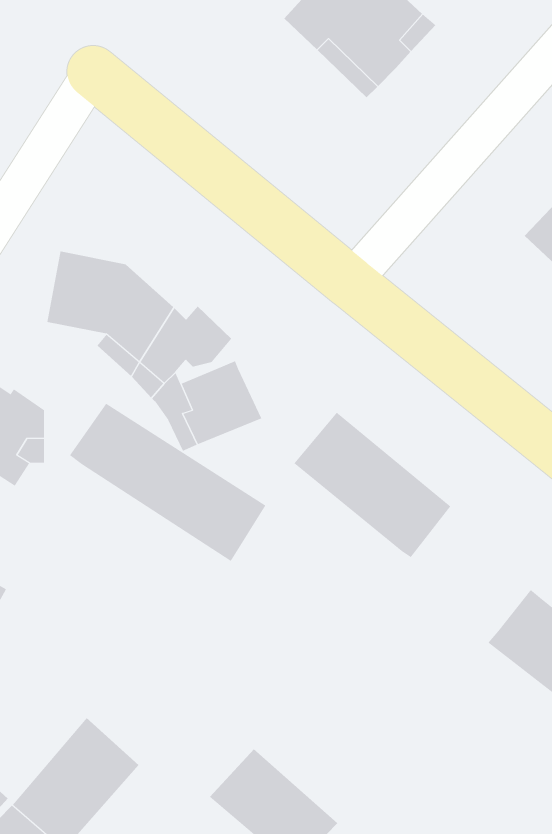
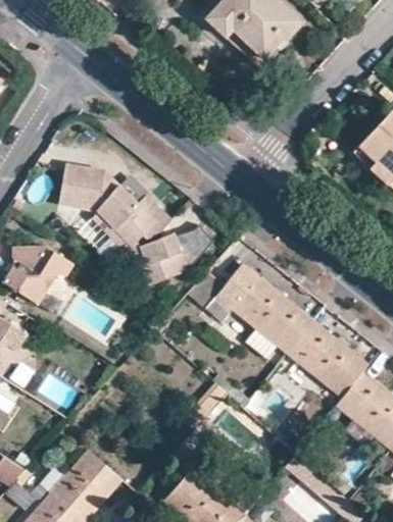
building: [69,403,266,562] -> none
building: none -> [286,319,365,396]

